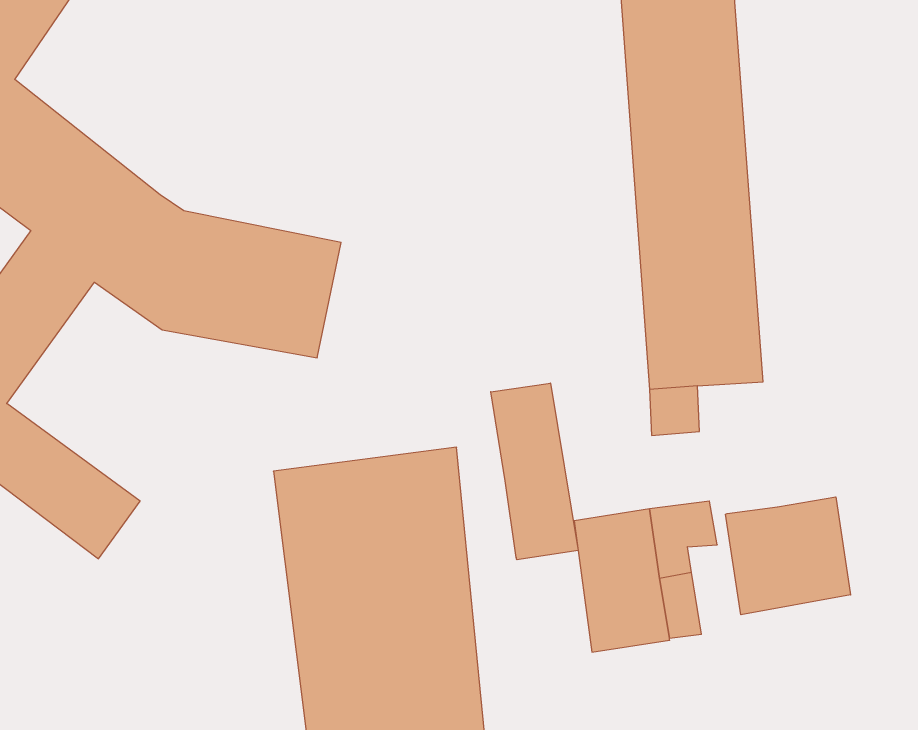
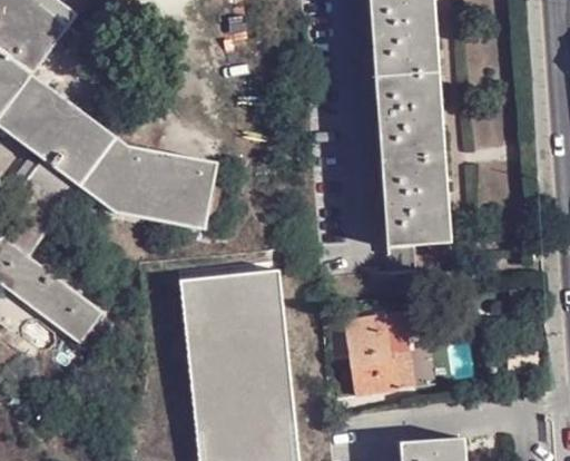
building: [491,383,578,560] -> none
building: [725,497,851,615] -> none

